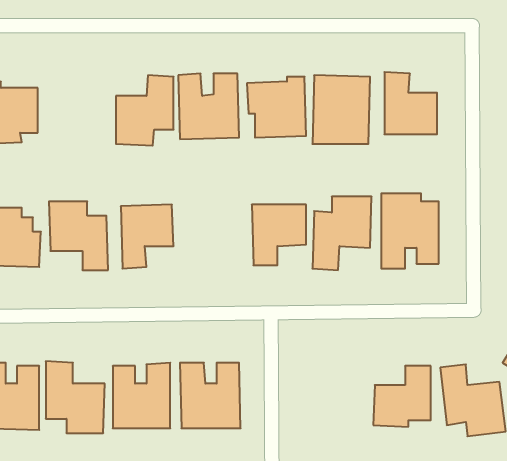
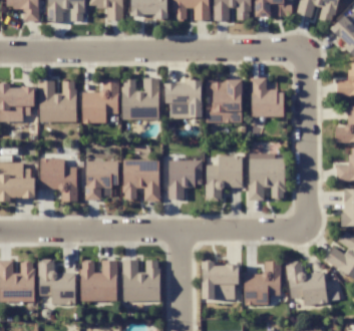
building: none -> [39,80,76,121]
building: none -> [122,159,159,201]
building: none -> [202,262,239,299]

